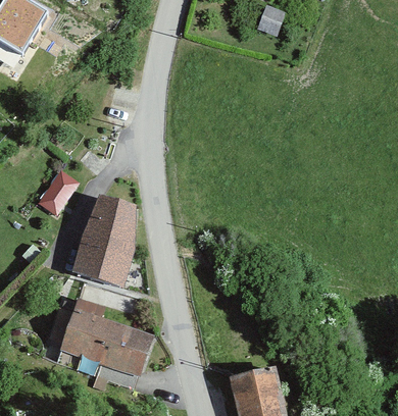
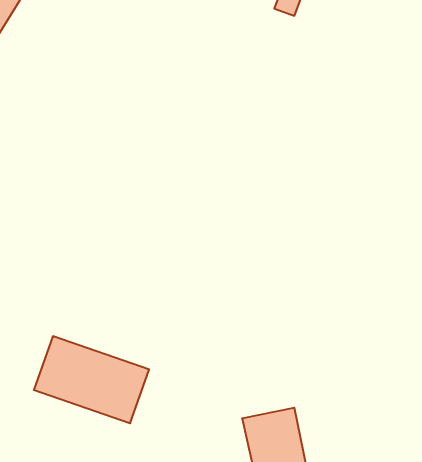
building: [39,169,79,214] -> none
building: [76,197,138,283] -> none

